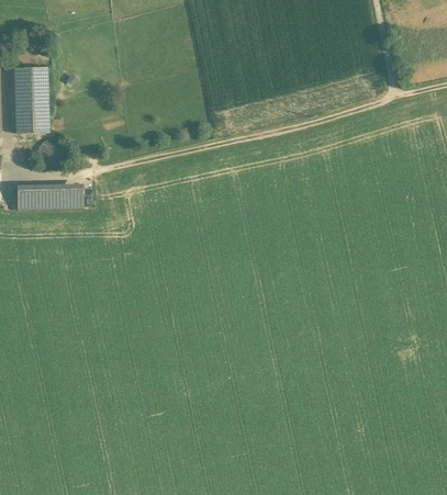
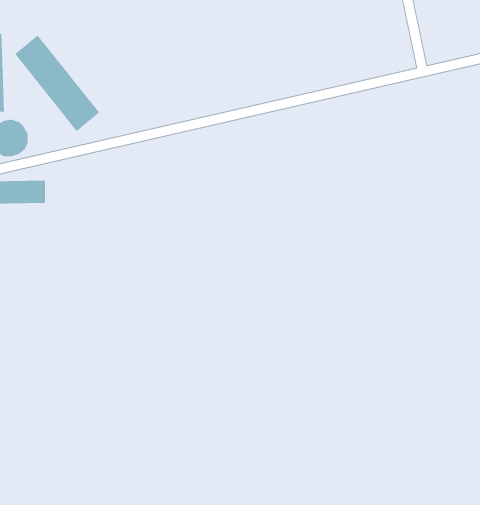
building: none -> [14,34,100,132]

